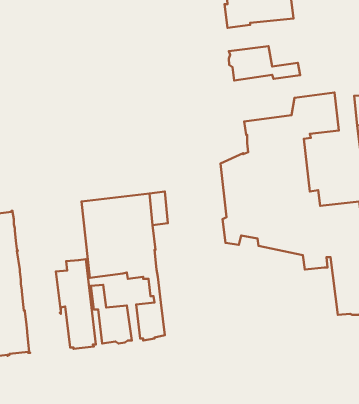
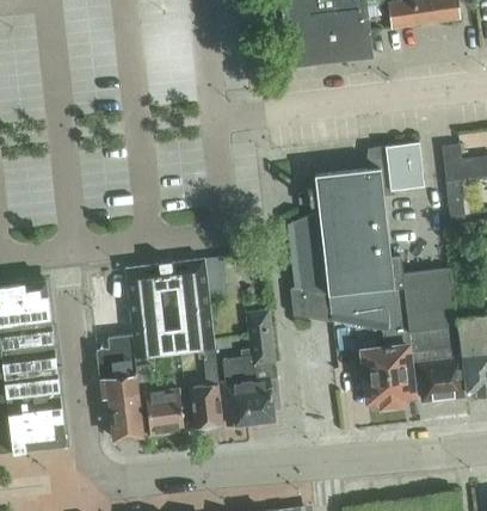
building: [229,46,300,81] -> none
building: none -> [222,310,275,425]
building: none -> [360,345,413,407]

